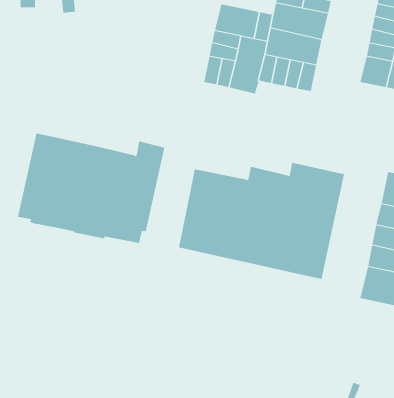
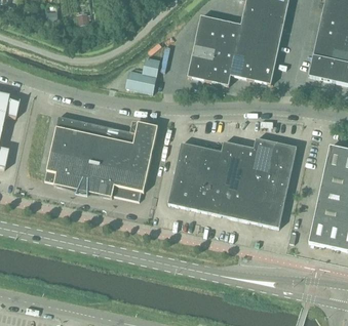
building: none -> [125,57,160,92]

